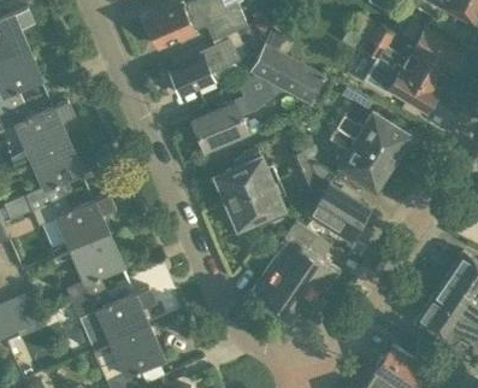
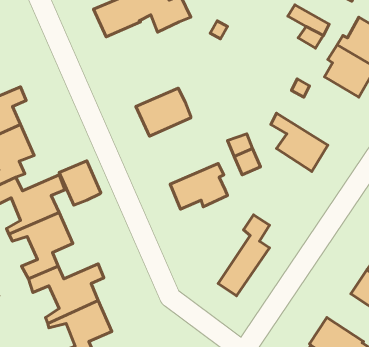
building: [170,33,247,98] -> none
building: [235,46,330,117] -> none
building: [338,112,409,163] -> none
building: [214,154,277,204] -> none
building: none -> [59,161,101,205]
building: [307,183,368,239] -> none
building: [256,222,314,308] -> none

